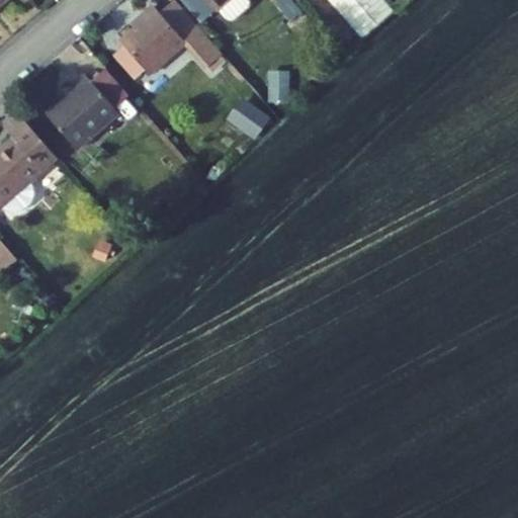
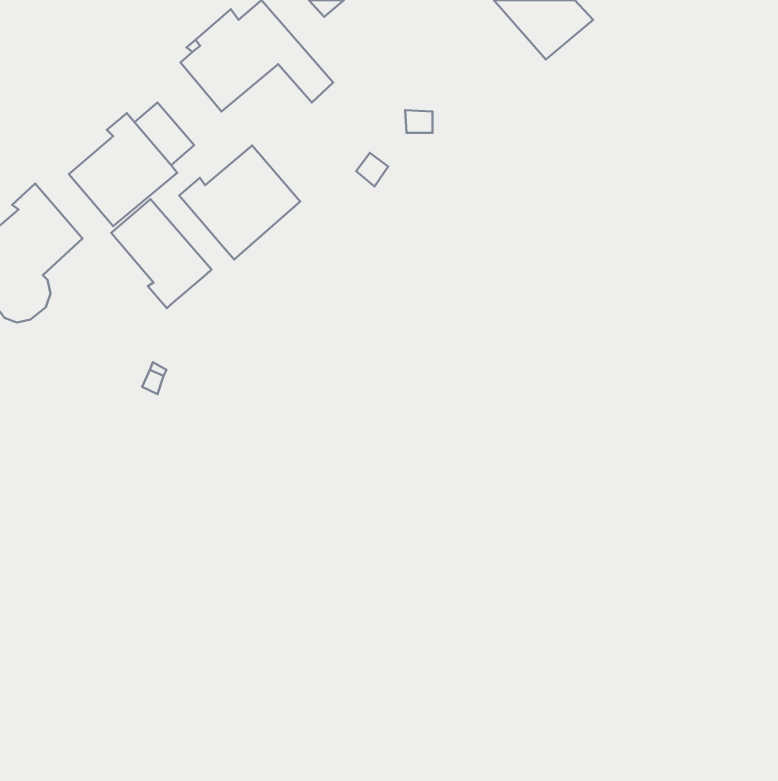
building: none -> [179,145,300,259]
building: none -> [111,199,212,308]

